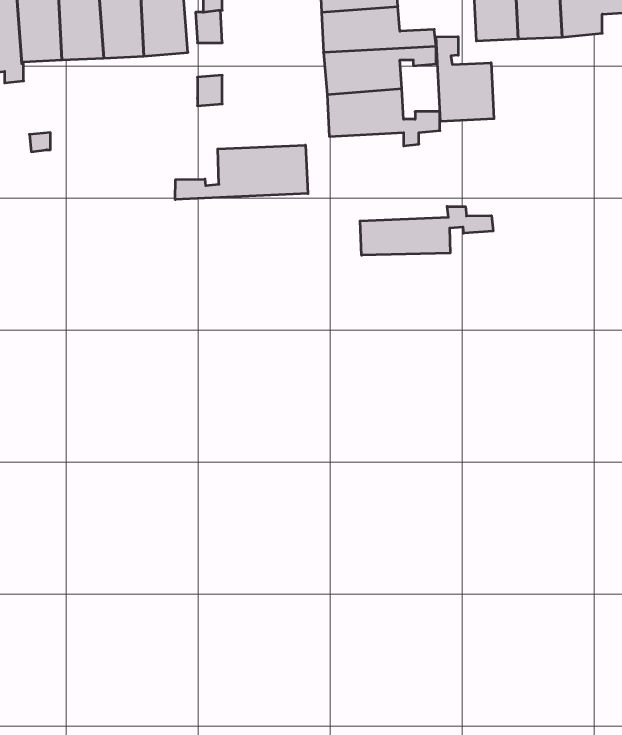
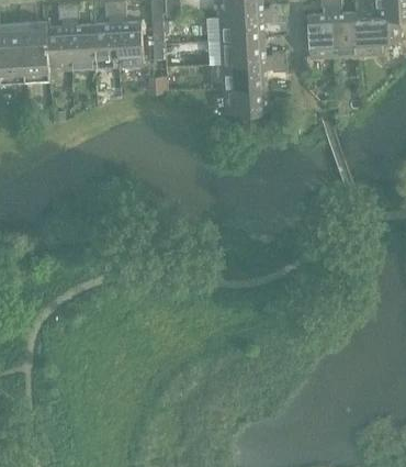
building: [436,37,494,122] -> none
building: [175,145,308,200] -> none
building: [360,206,493,255] -> none

